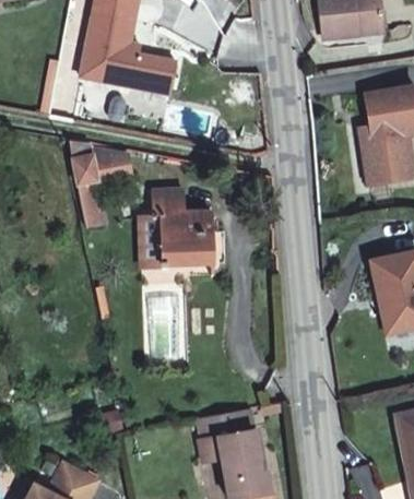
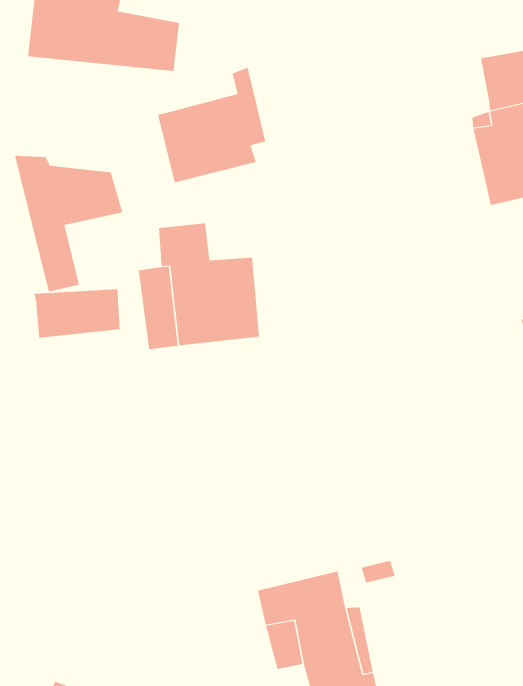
building: none -> [157,67,266,183]
building: none -> [34,289,120,338]

